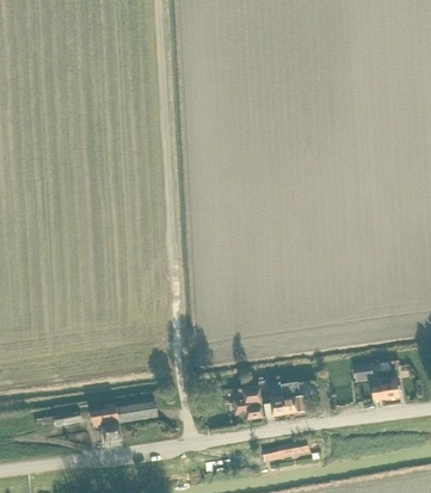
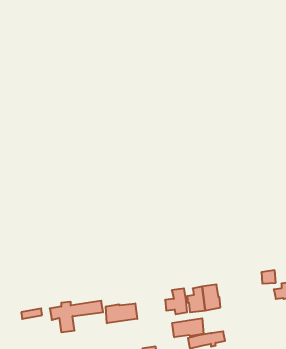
building: none -> [106,303,137,323]
building: none -> [172,318,203,337]

